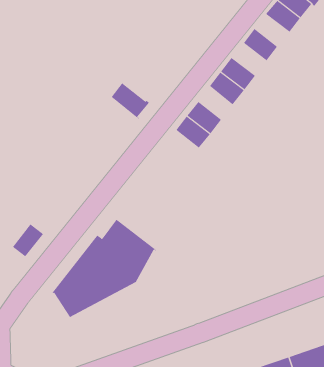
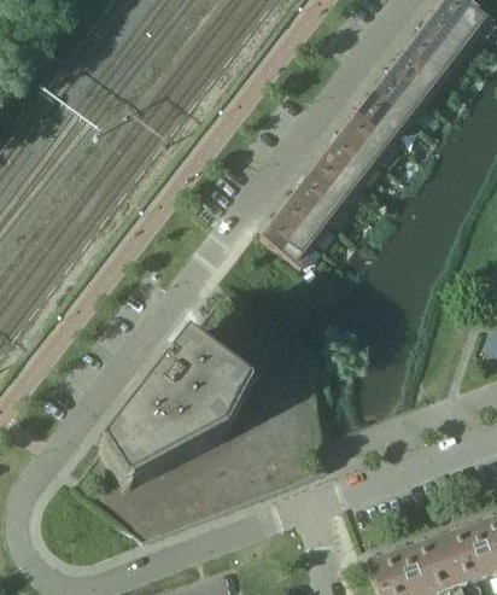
building: none -> [392,45,443,92]
building: none -> [359,86,410,133]
building: [111,82,150,120] -> [264,210,320,263]
building: none -> [312,147,362,196]
building: [12,223,44,257] -> none

